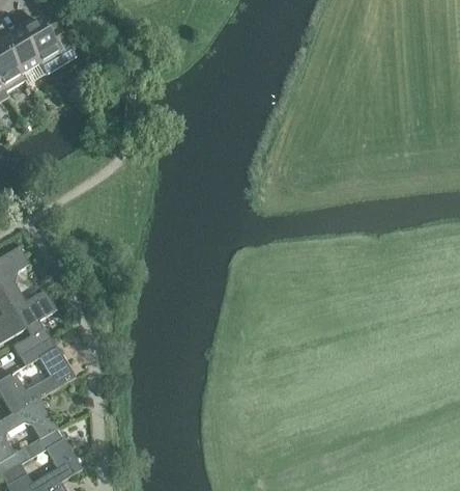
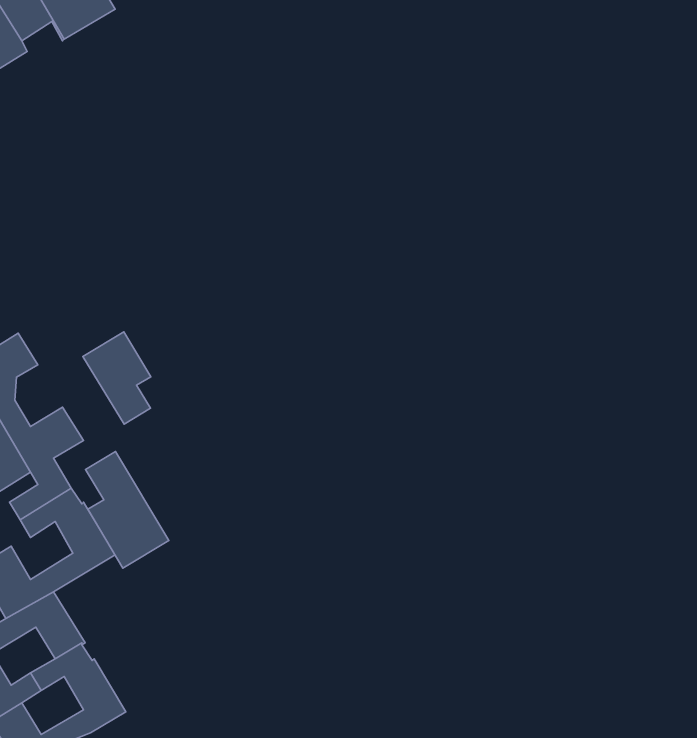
building: none -> [83,332,151,424]
building: none -> [86,451,169,568]

